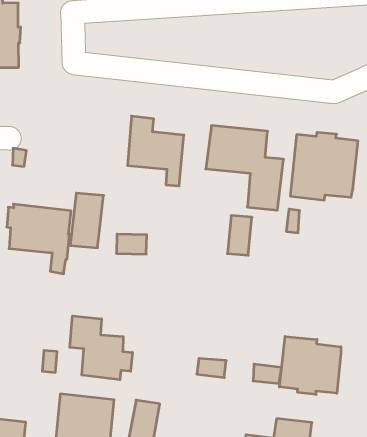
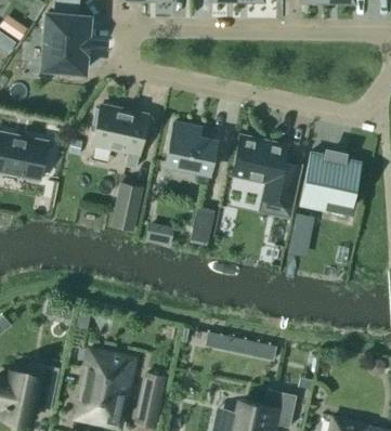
building: [7,204,71,274] -> [92,106,147,169]
building: [227,216,252,255] -> [190,208,213,243]
building: [70,316,132,380] -> none
building: [279,336,341,395] -> none

